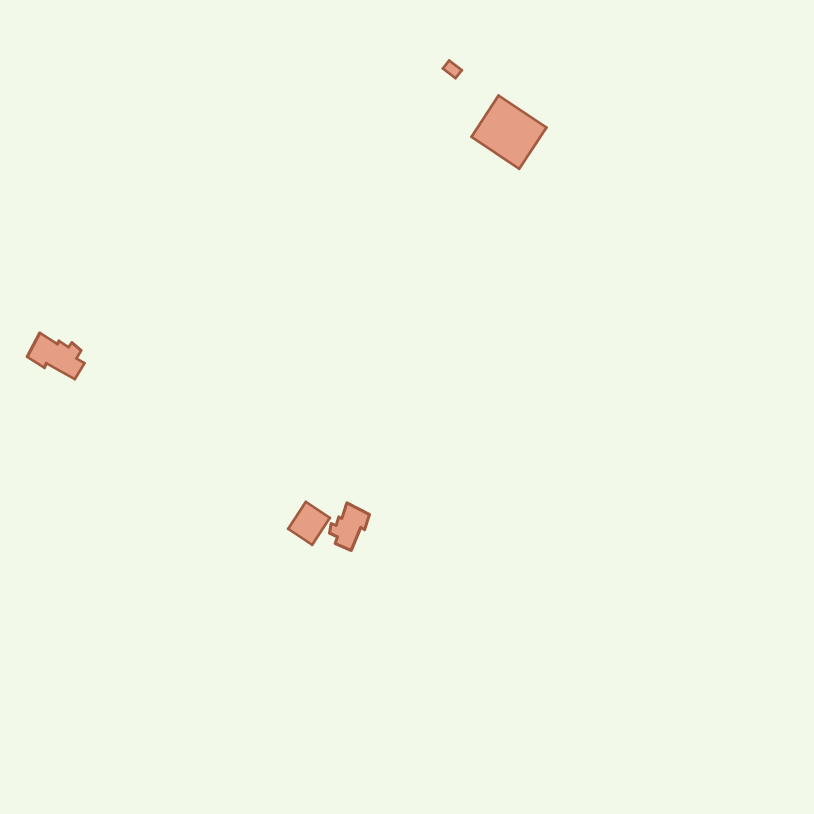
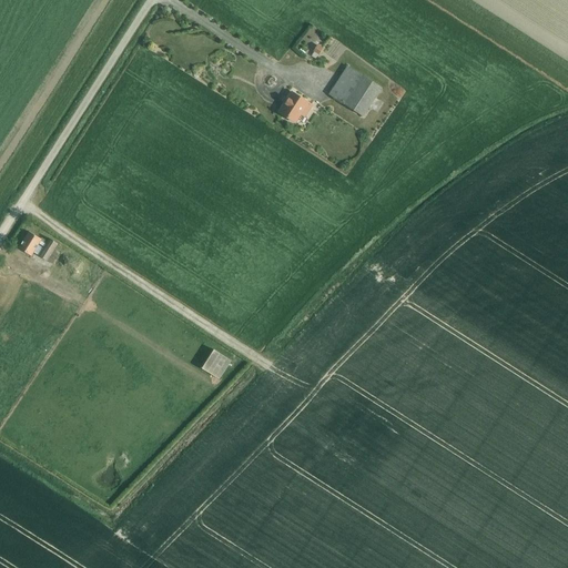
building: none -> [277,85,313,119]
building: [330,503,370,551] -> none

